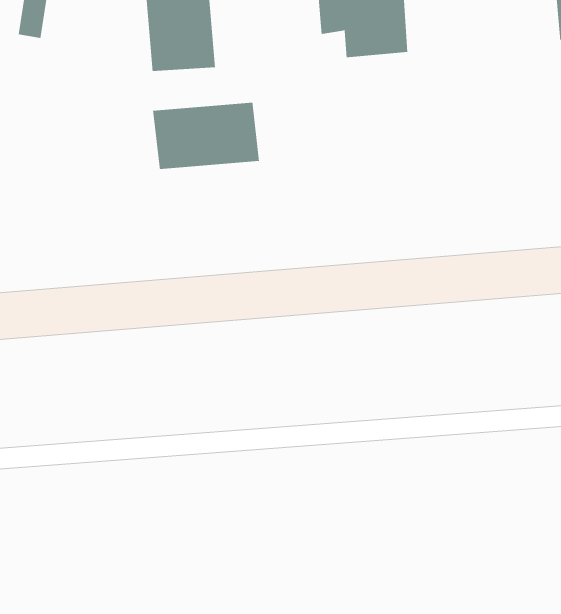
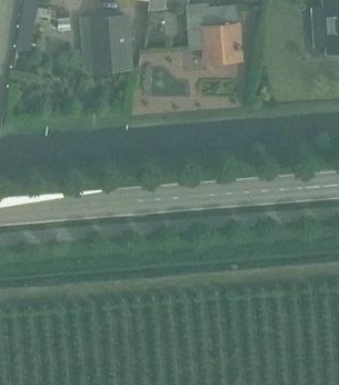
building: [153,102,260,170] -> none

